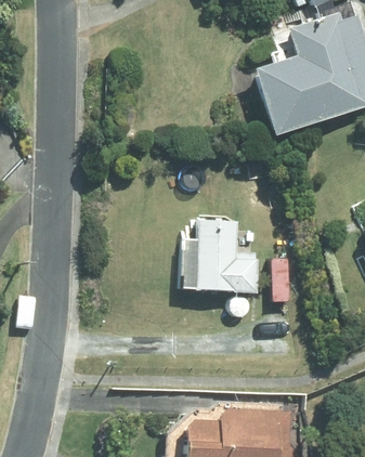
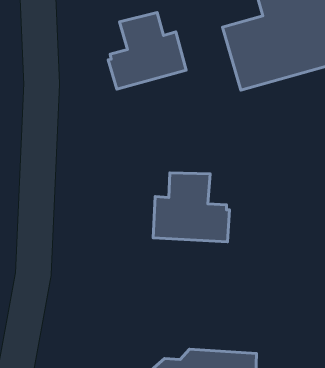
building: none -> [108,12,186,89]

